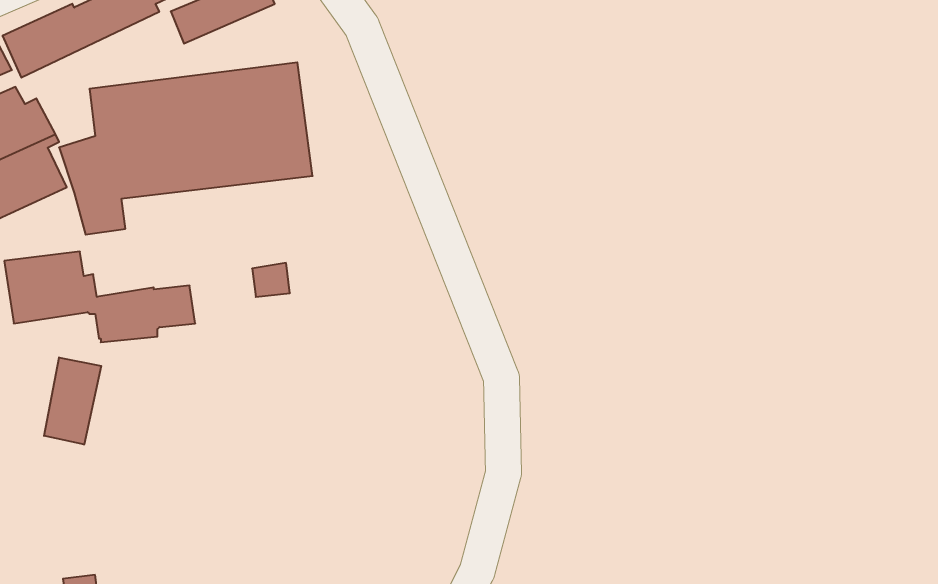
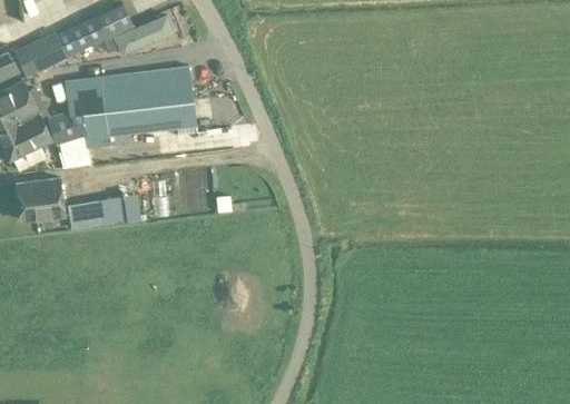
building: [44,357,101,445] -> none

